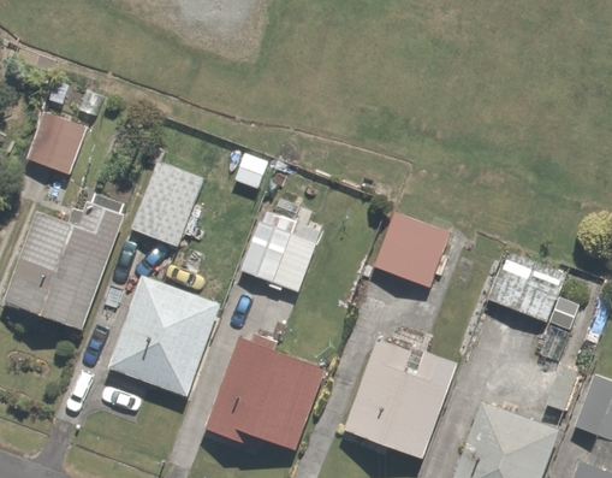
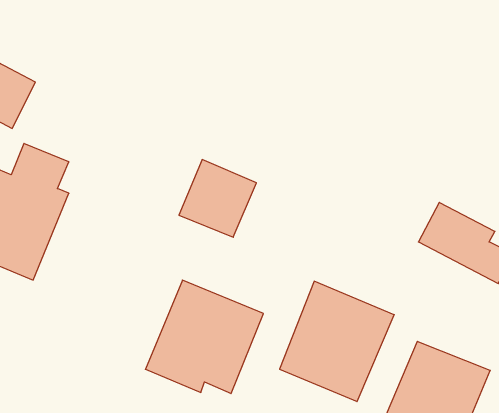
building: [129,161,203,247] -> none
building: [370,212,452,289] -> none
building: [111,276,219,393] -> none

